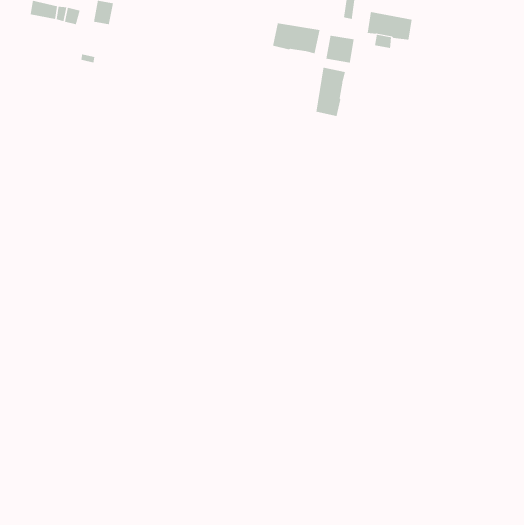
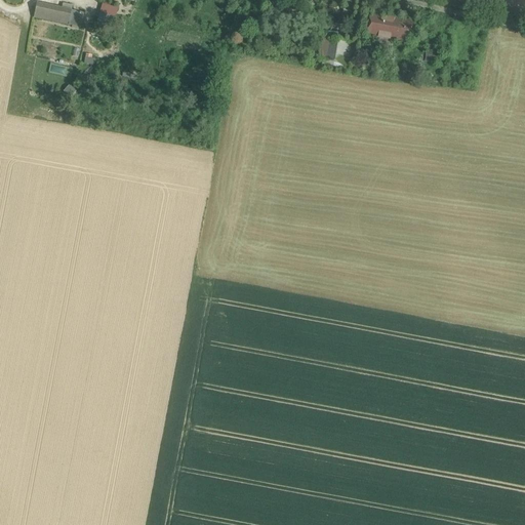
building: [273,22,320,54] -> none
building: [316,67,345,117] -> none

